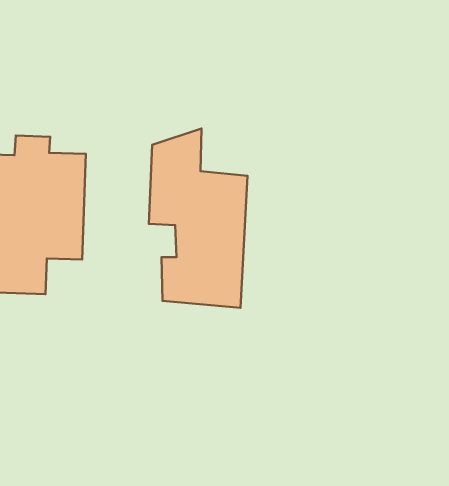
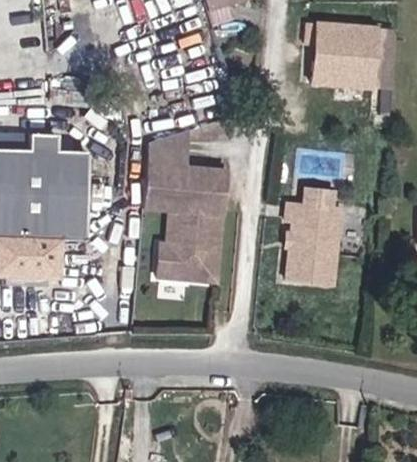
building: none -> [312,21,397,89]
building: none -> [286,200,340,286]

